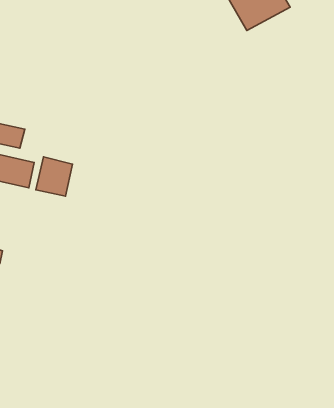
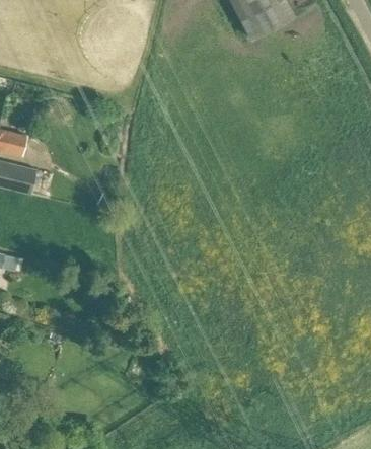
building: [36,157,73,196] -> none

